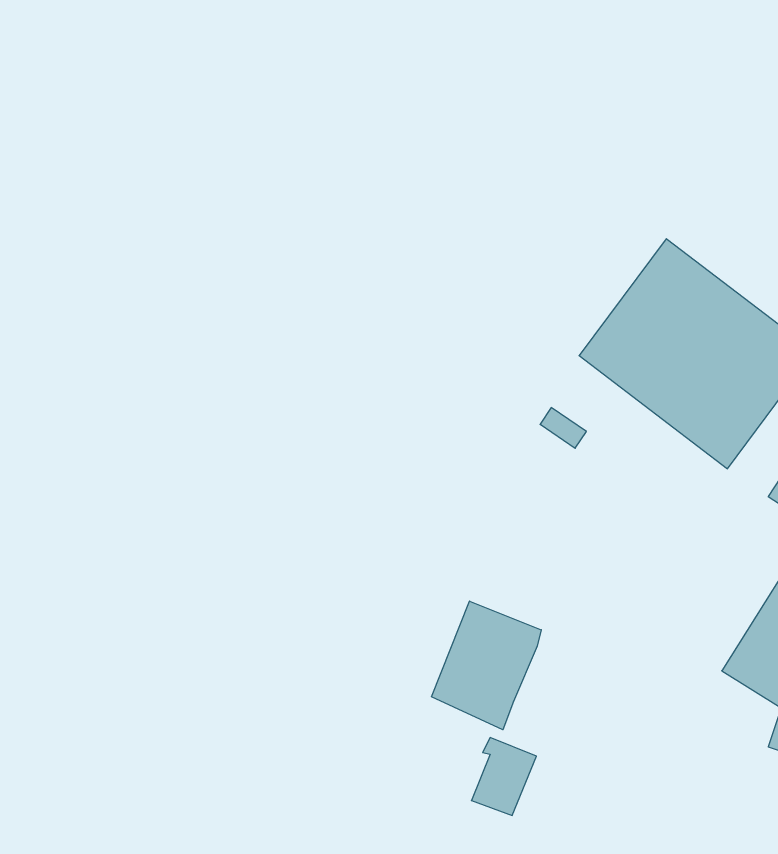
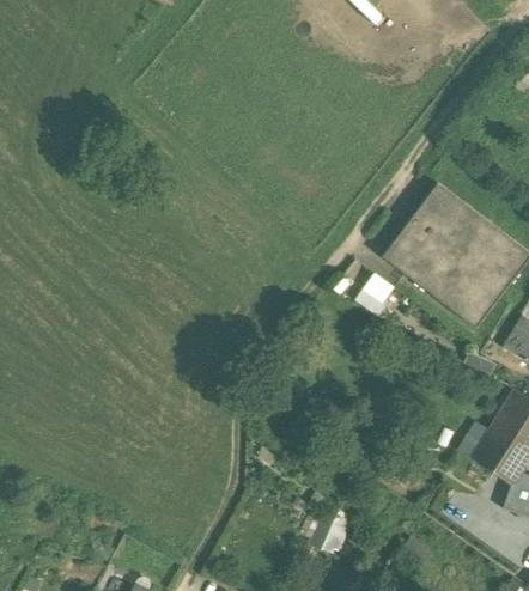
building: [432,601,541,730] -> none

